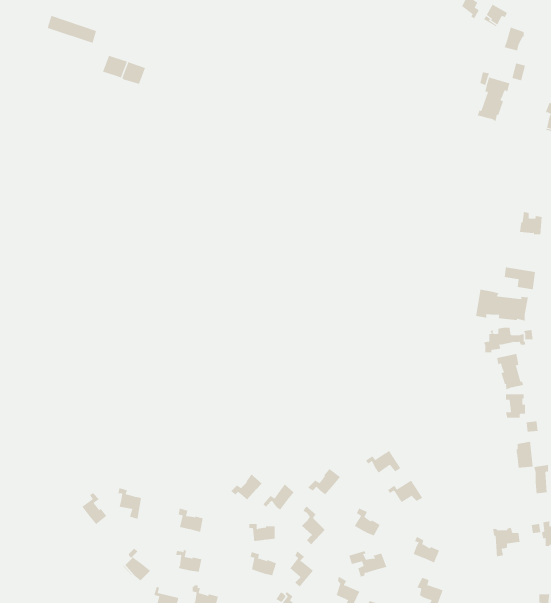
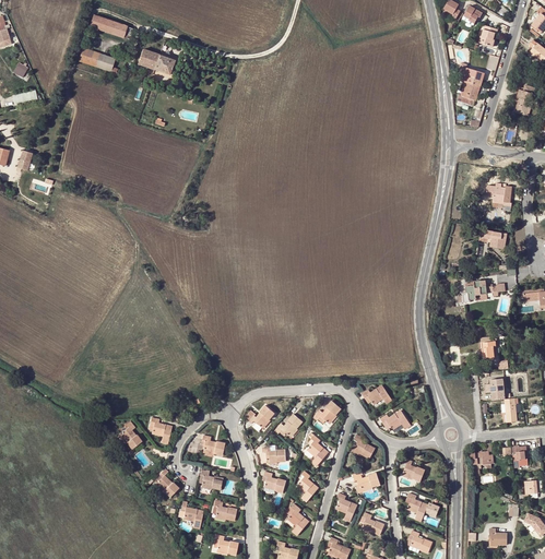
building: none -> [79,48,118,75]
building: [476,289,529,322] -> none
building: [496,353,524,390] -> none

